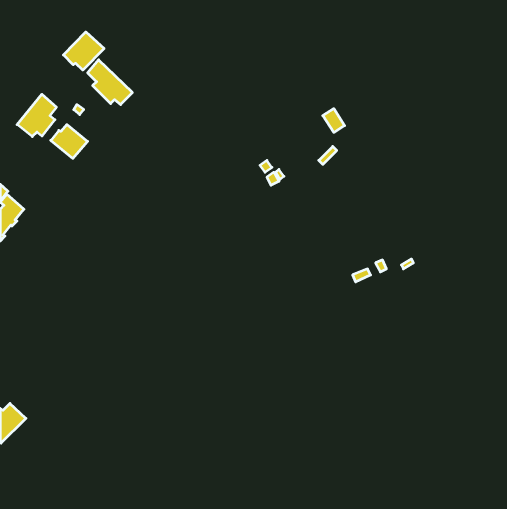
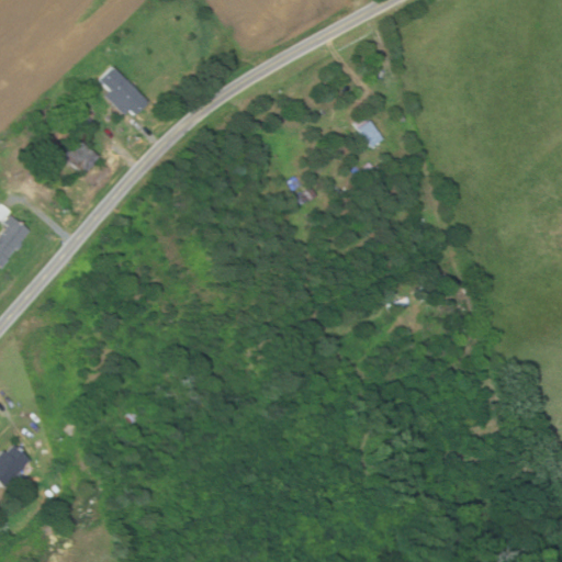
building: [63,32,104,70] -> none
building: [17,94,56,137] -> none

